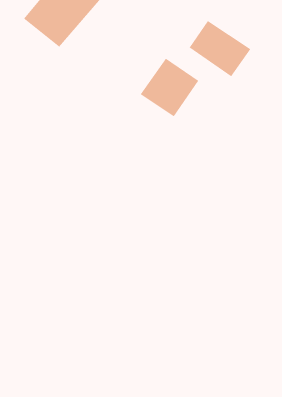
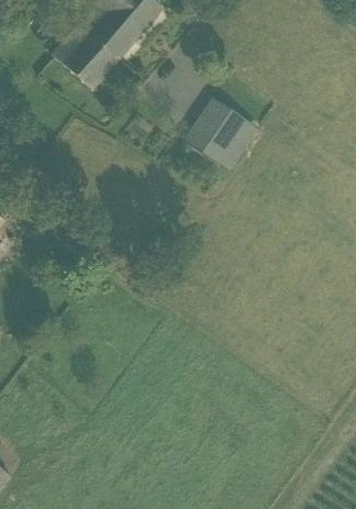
building: [189,20,251,77] -> none

